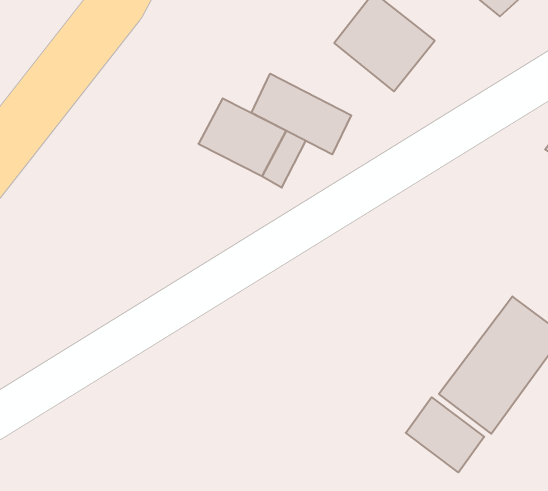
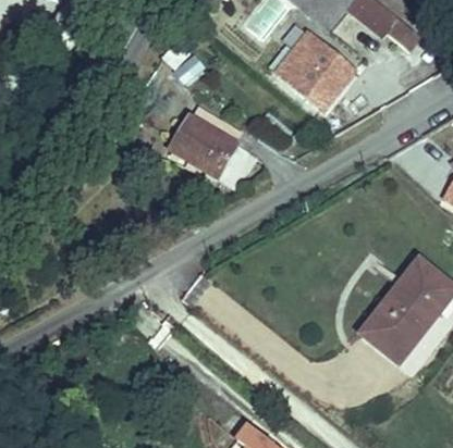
building: [251,74,351,154] -> none
building: [406,397,484,472] -> none

